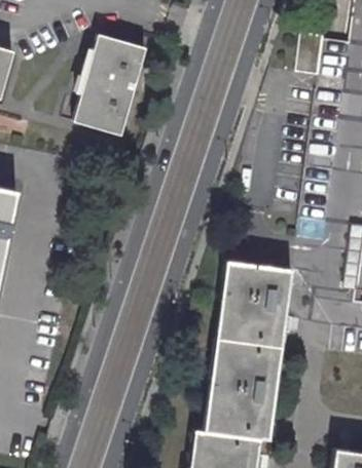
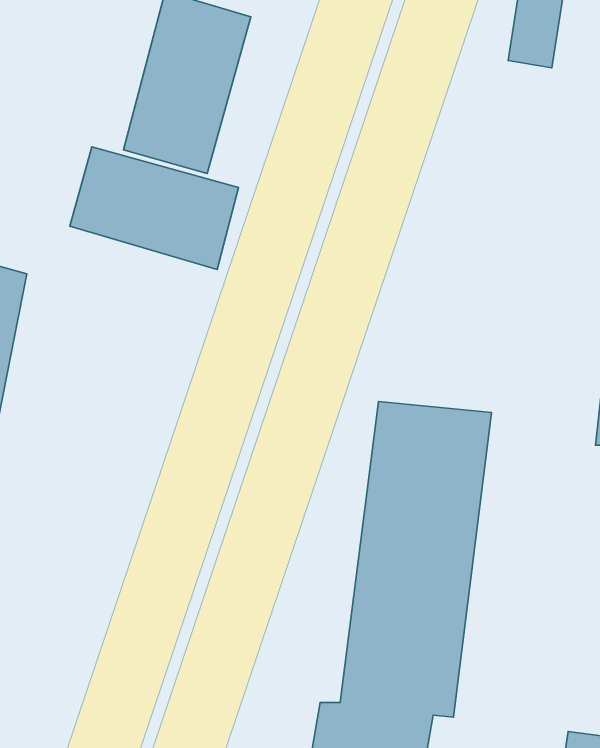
building: none -> [70,147,238,269]

